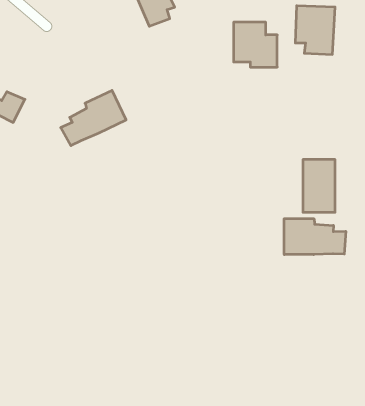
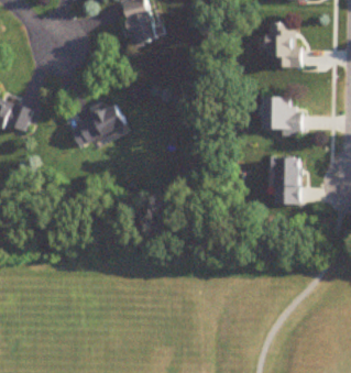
building: [234,22,277,67] -> [263,98,300,136]
building: [284,219,346,255] -> none

